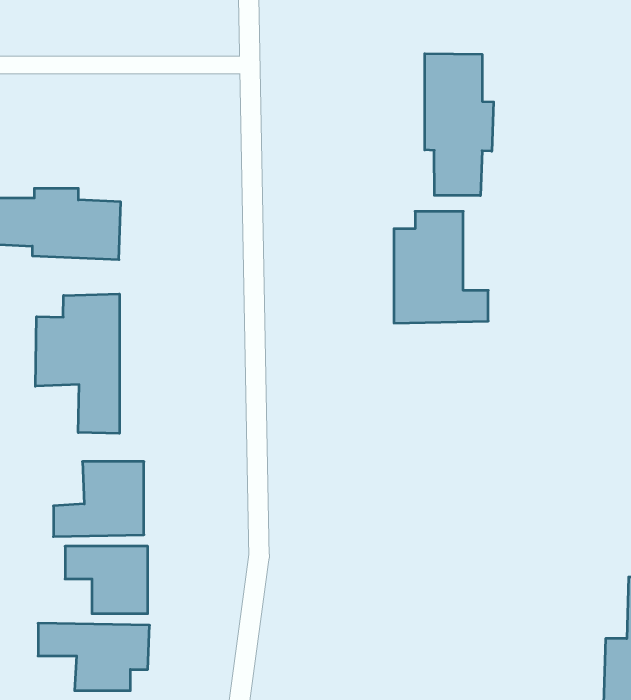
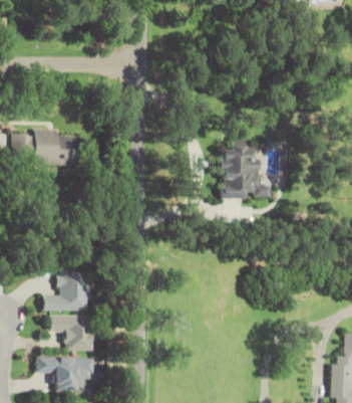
building: [425,54,494,196] -> none
building: [35,294,119,433] -> none

